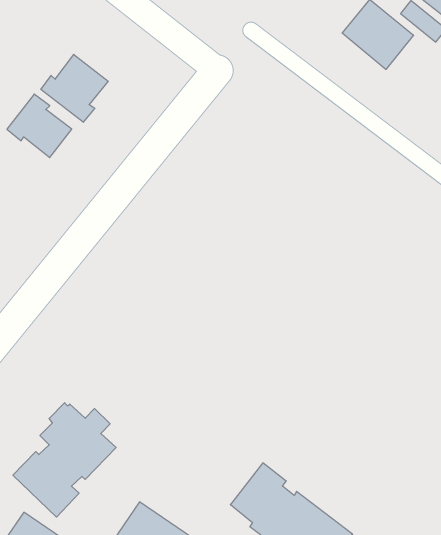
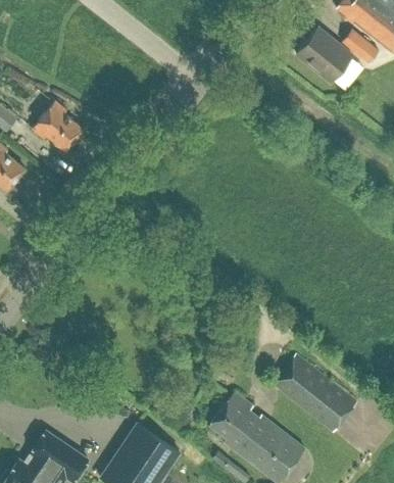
building: [41,54,108,122] -> none
building: [13,403,116,517] -> none
building: none -> [270,351,358,433]

